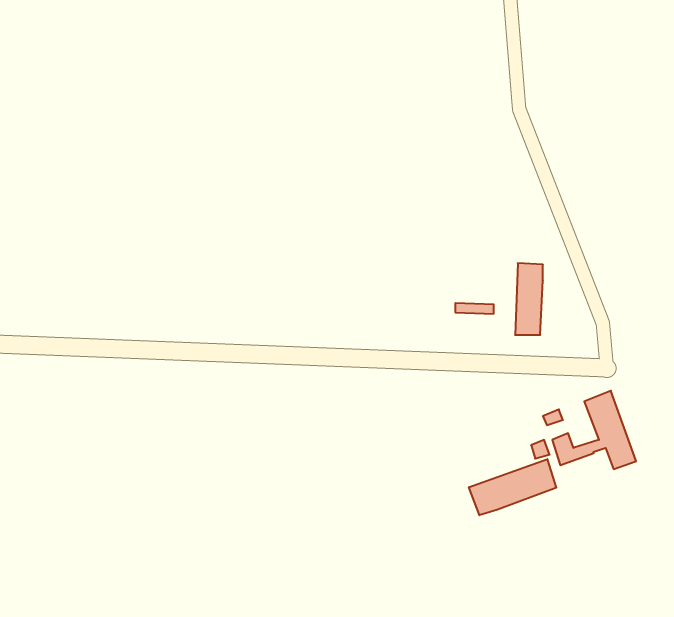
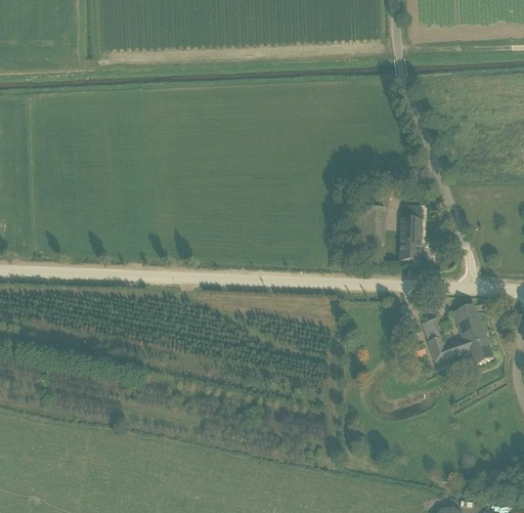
building: [469,459,556,515] -> none

